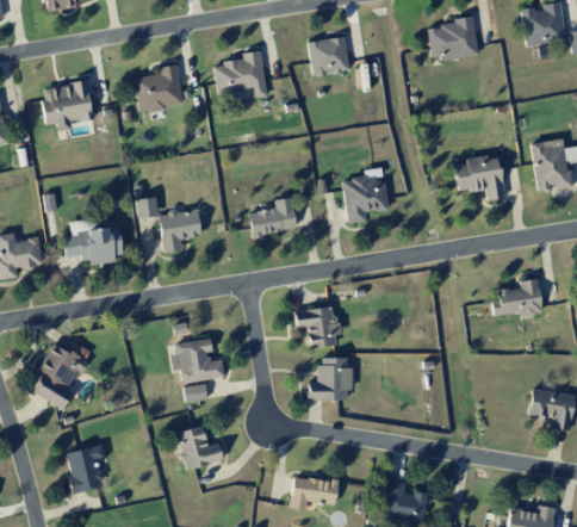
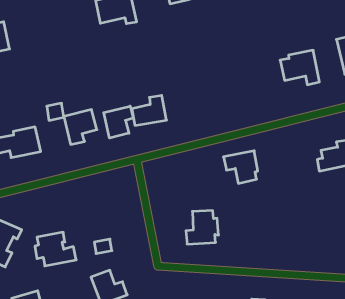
building: [135,64,185,112] -> none
building: [342,175,389,223] -> none
building: none -> [104,106,133,138]
building: [294,306,339,348] -> [223,151,258,183]
building: [172,339,225,382] -> [35,232,76,266]

